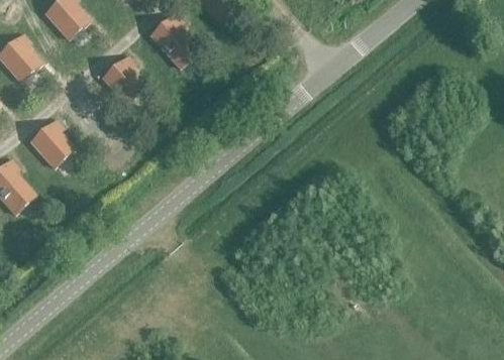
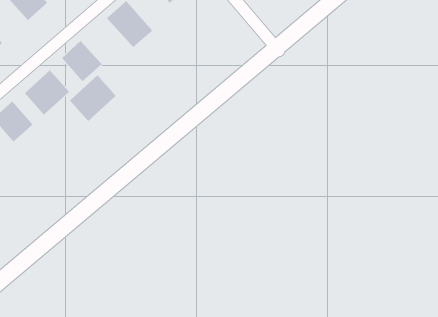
building: none -> [24,70,70,116]
building: none -> [69,75,116,122]

